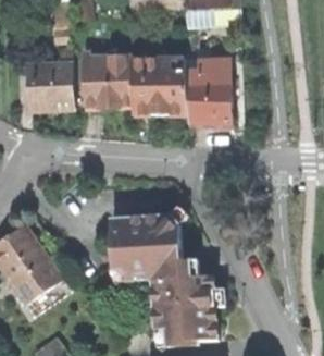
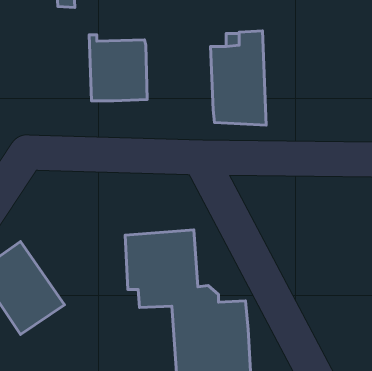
building: [130,54,187,115] -> none
building: [28,64,74,110] -> none

